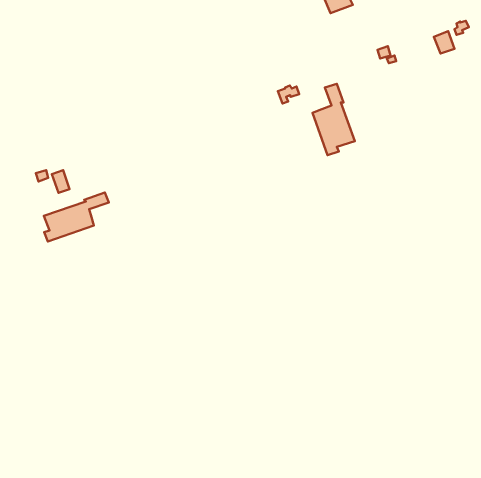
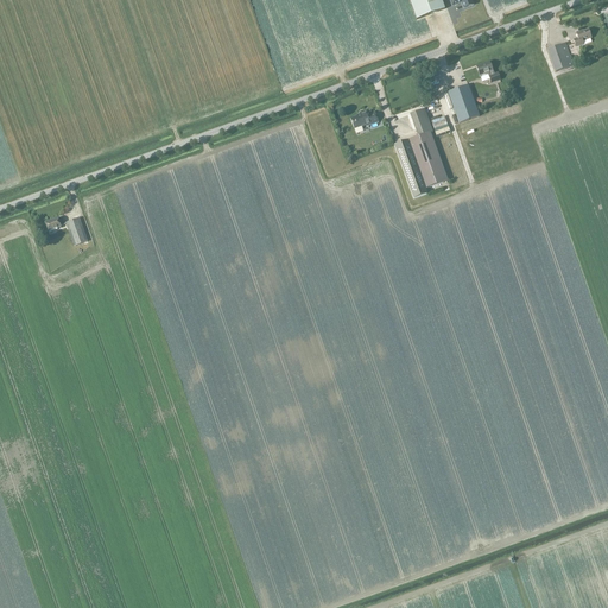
building: none -> [448,82,479,120]
building: [44,193,109,241] -> none

